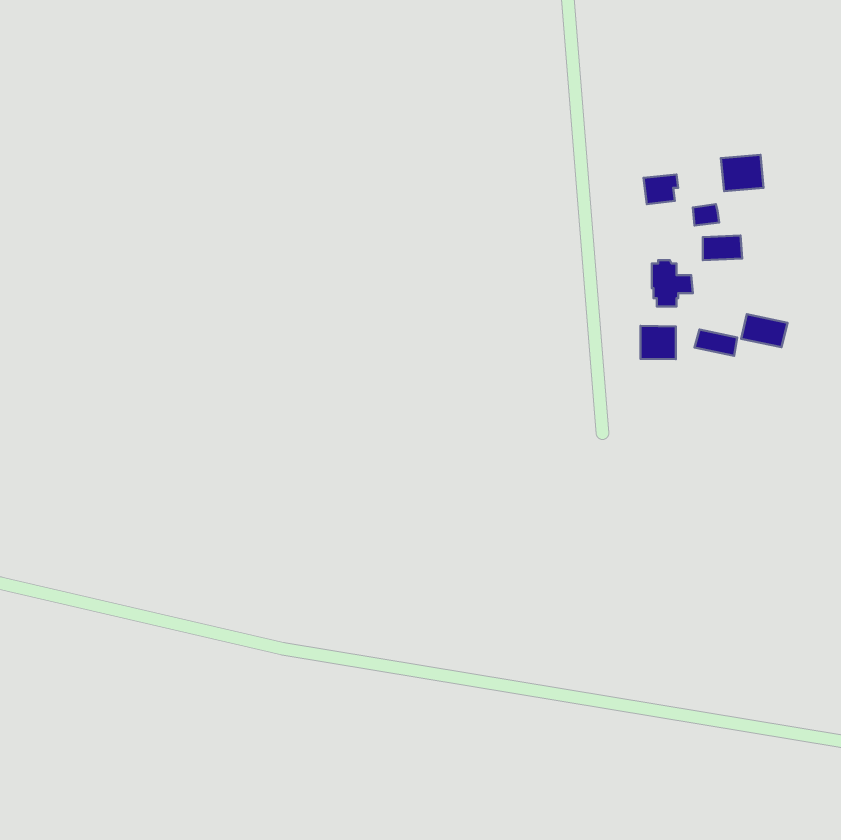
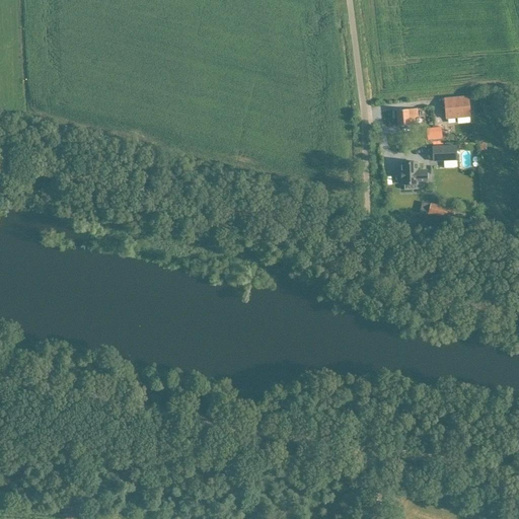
building: [741,314,787,347] -> none
building: [640,326,676,359] -> none

